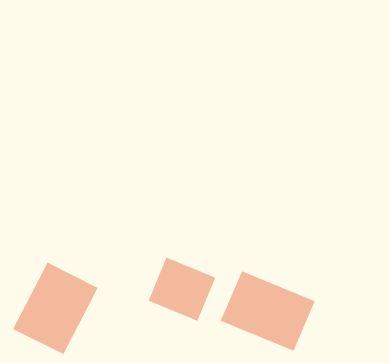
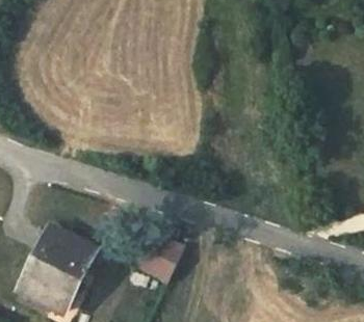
building: [220,270,315,351] -> none

